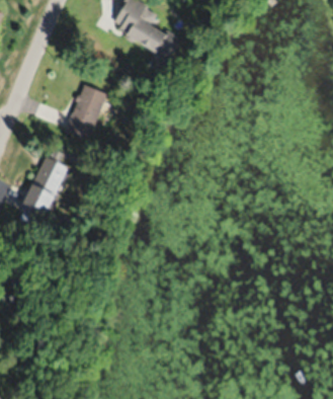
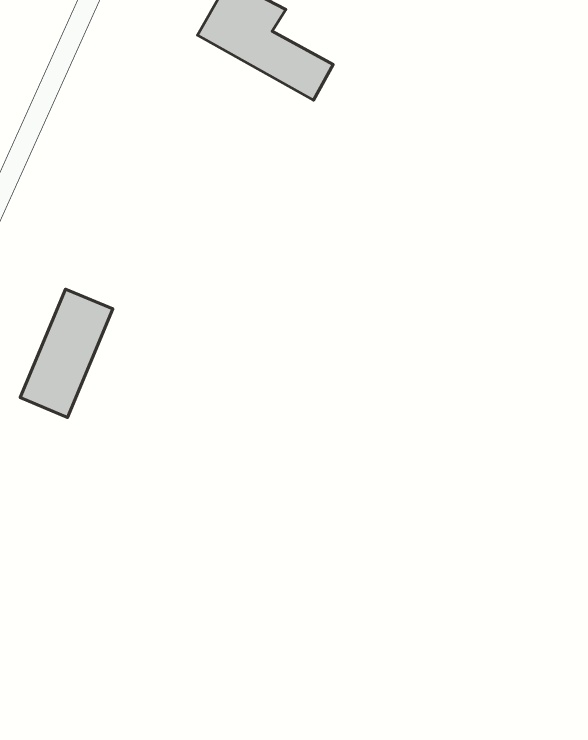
building: [66,84,106,139] -> none

